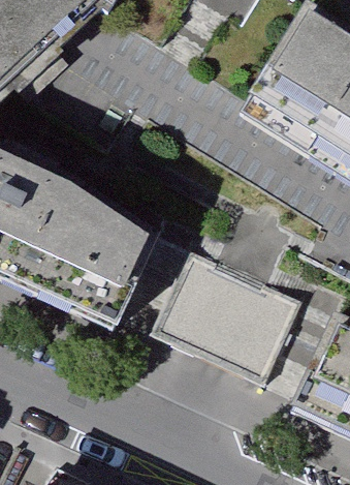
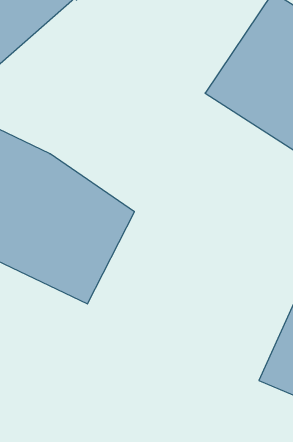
building: [150,249,300,383] -> none

